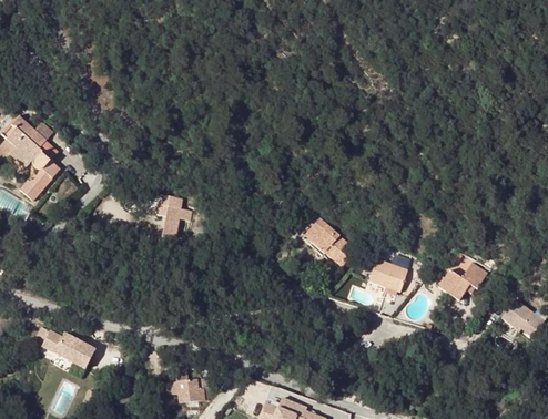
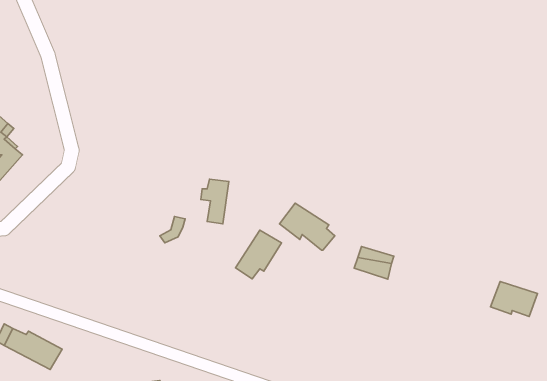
building: [156,198,182,239] -> [201,179,229,224]
building: none -> [236,230,282,279]
building: [440,258,486,297] -> none

